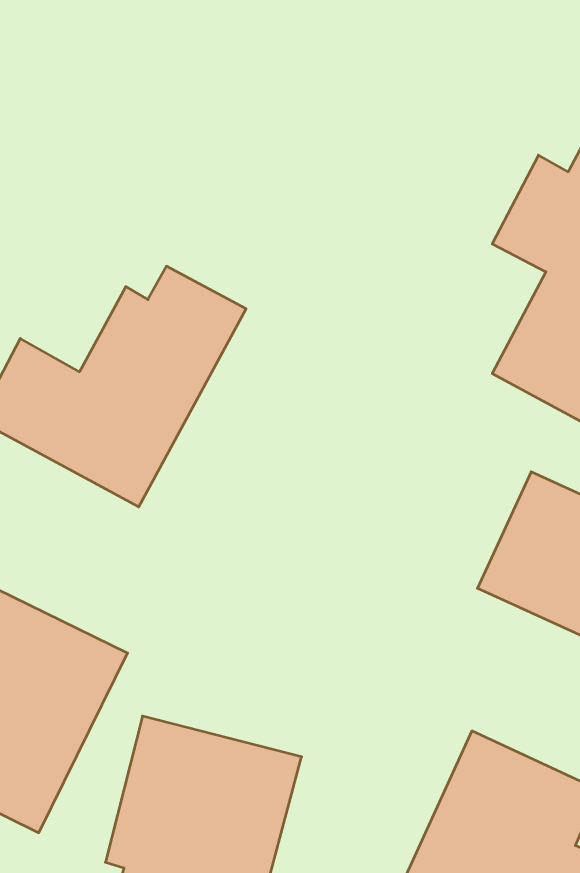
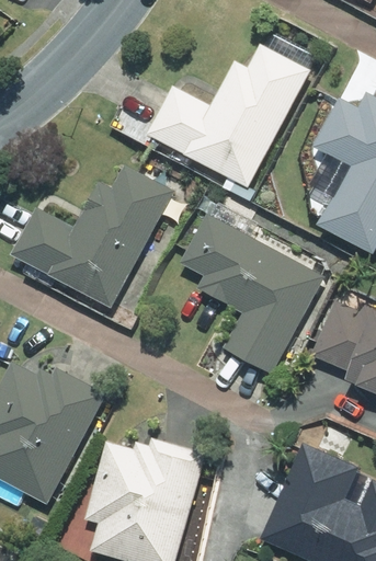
building: none -> [148,47,311,193]
building: none -> [184,215,324,373]

